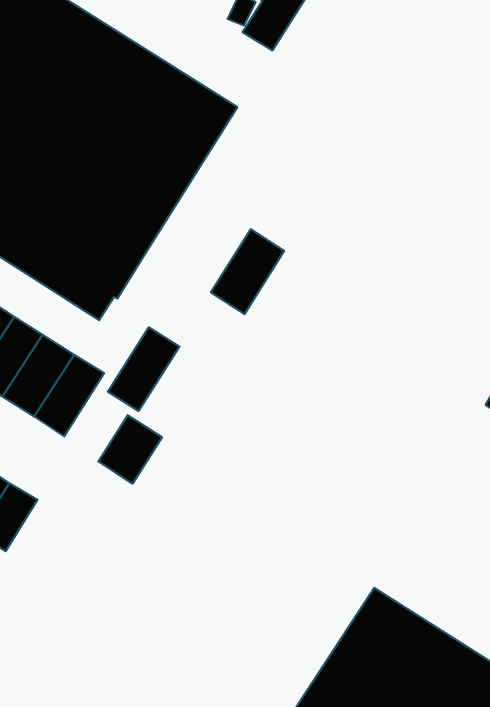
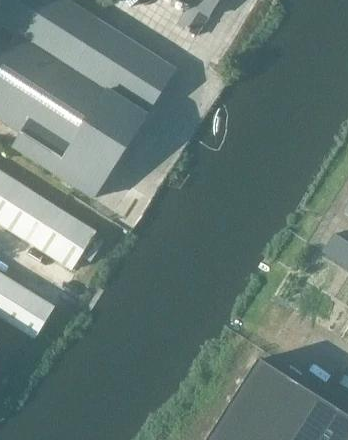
building: [211,229,284,314] -> none
building: [108,327,179,411] -> none
building: [98,415,162,484] -> none

